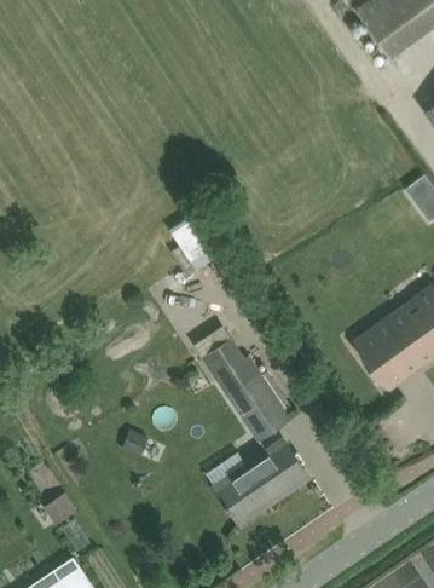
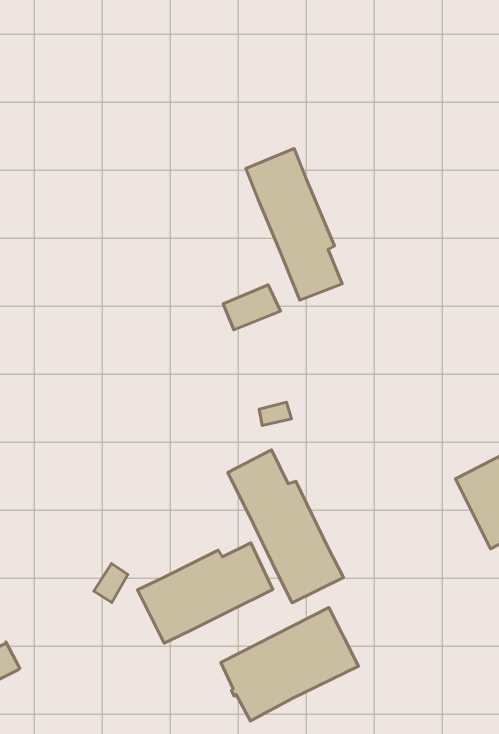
building: none -> [246,148,342,300]
building: none -> [138,543,273,643]

